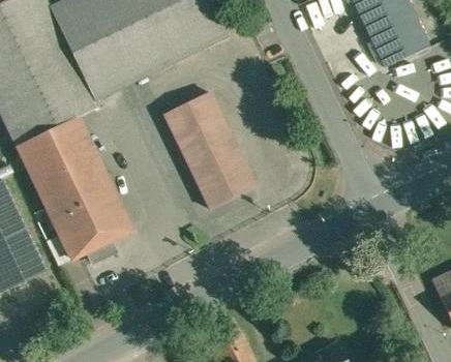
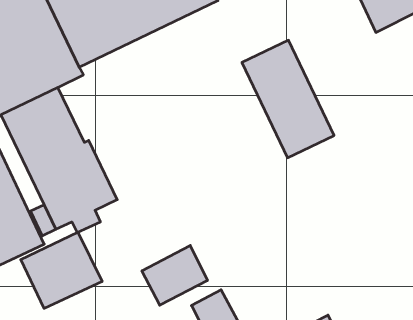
building: [163,91,253,206] -> [242,40,334,158]
building: none -> [21,232,102,308]
building: none -> [142,245,207,305]

